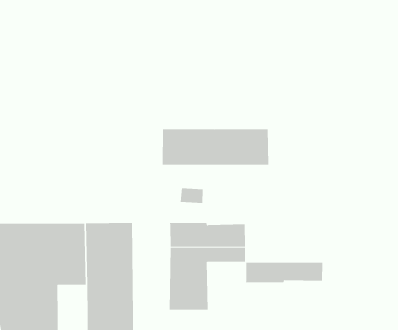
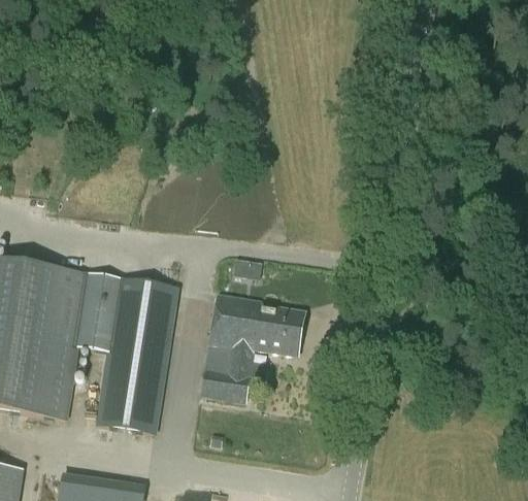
building: [162,128,269,166] -> none
building: [245,262,323,283] -> none

